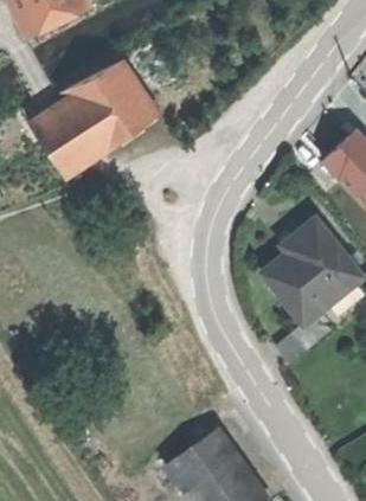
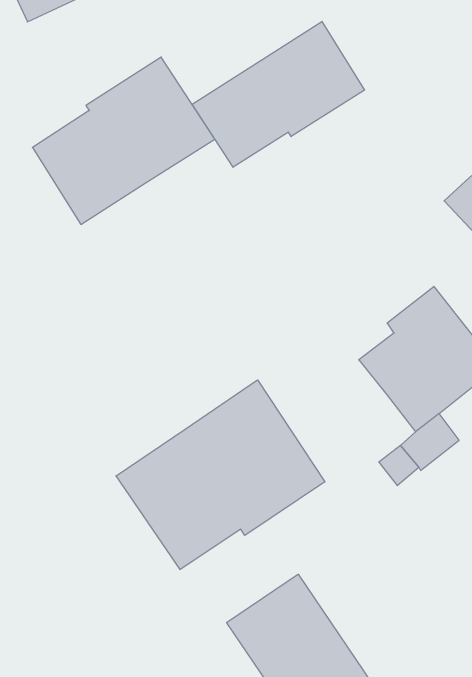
building: none -> [192,21,365,167]
building: none -> [116,380,325,570]

